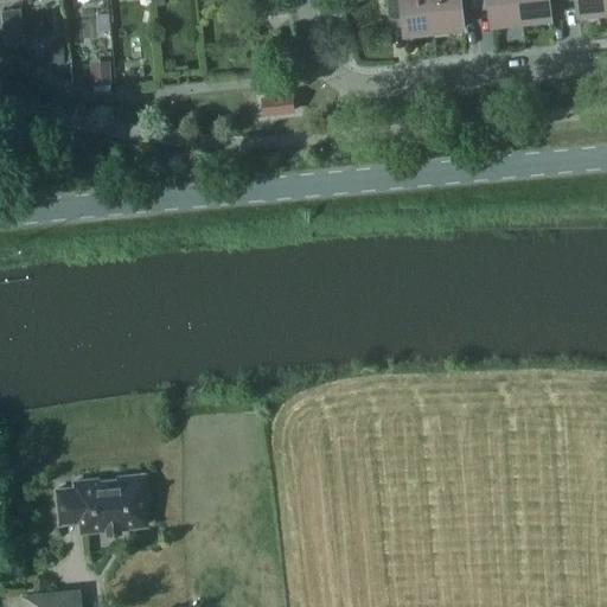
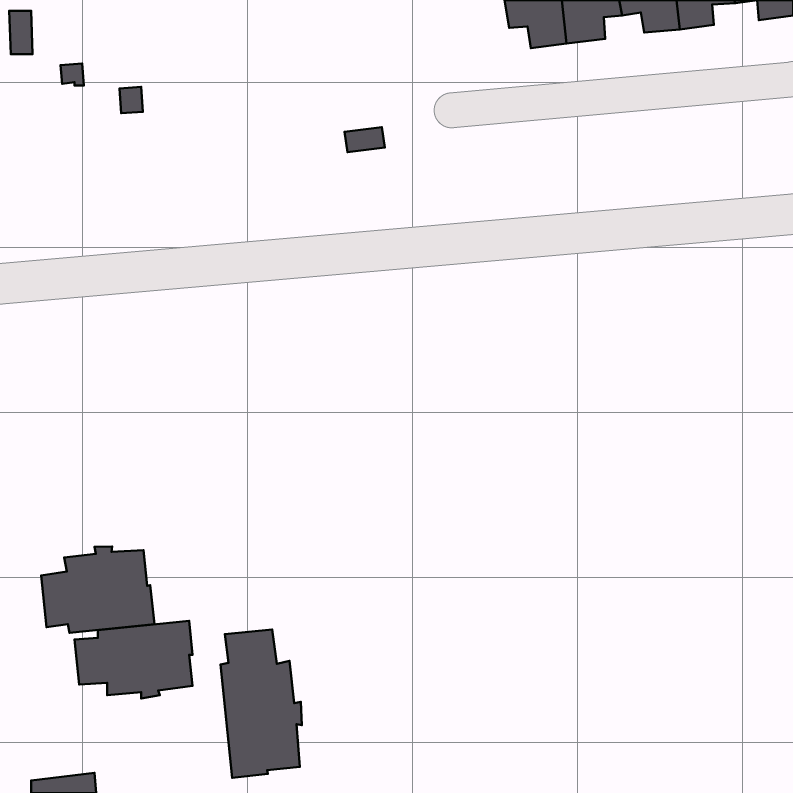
building: none -> [41,546,154,633]
building: none -> [221,629,302,778]

